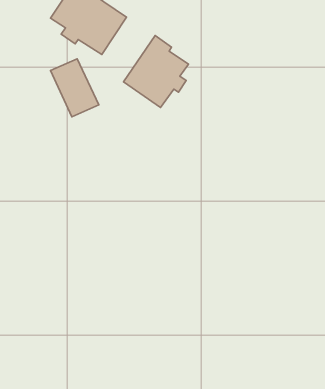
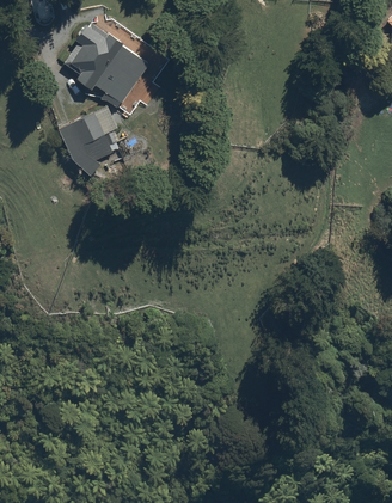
building: [124,35,188,108] -> none

